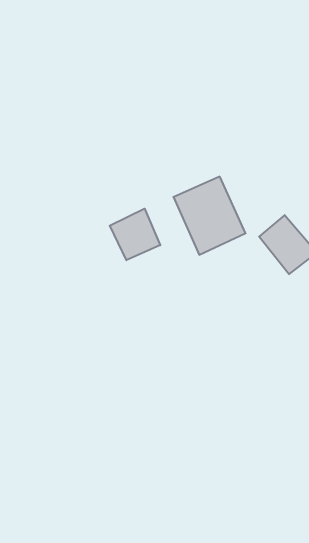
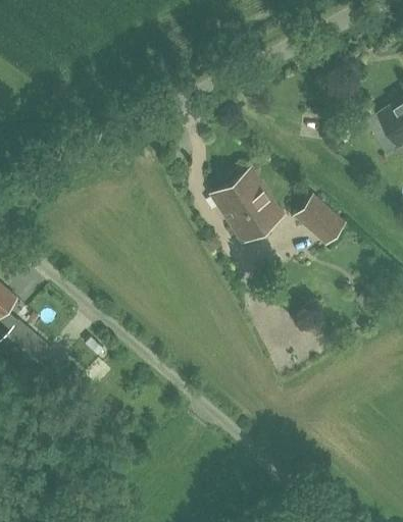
building: [110,209,160,260] -> none

